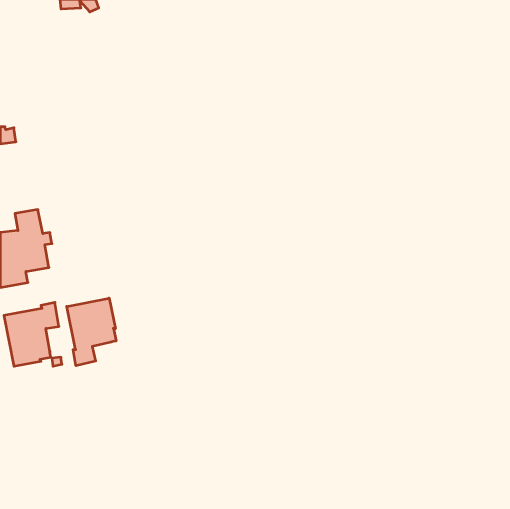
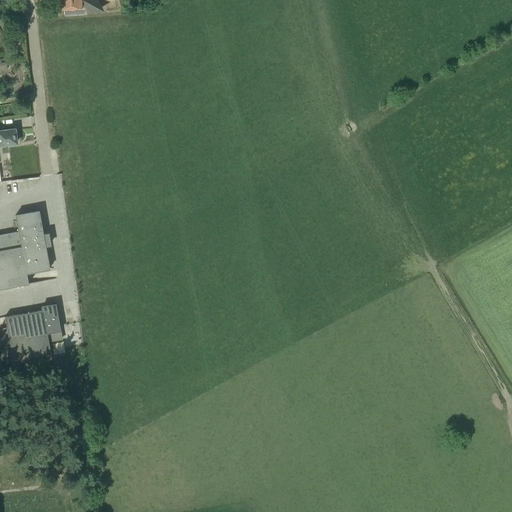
building: [67,298,116,366] -> none

